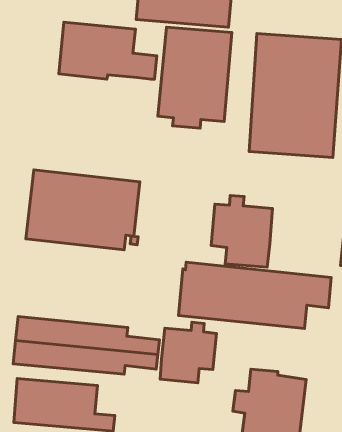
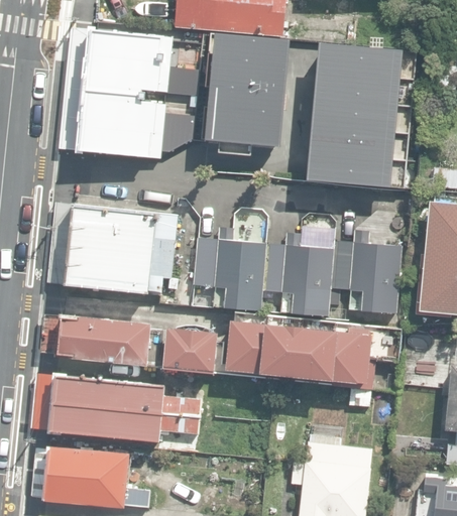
building: none -> [77,91,194,160]
building: none -> [194,228,266,310]
building: none -> [331,230,402,315]
building: none -> [36,314,218,373]
building: [160,322,216,383] -> none

